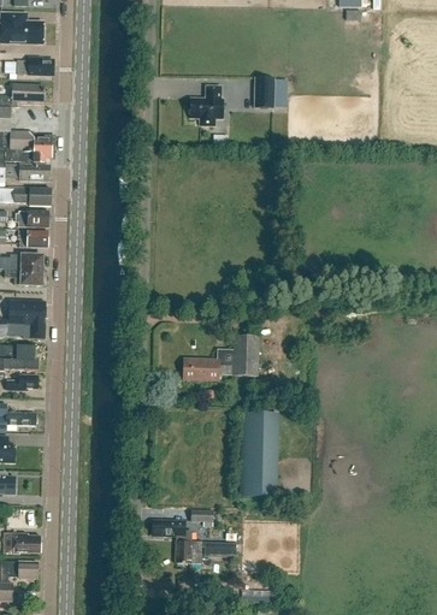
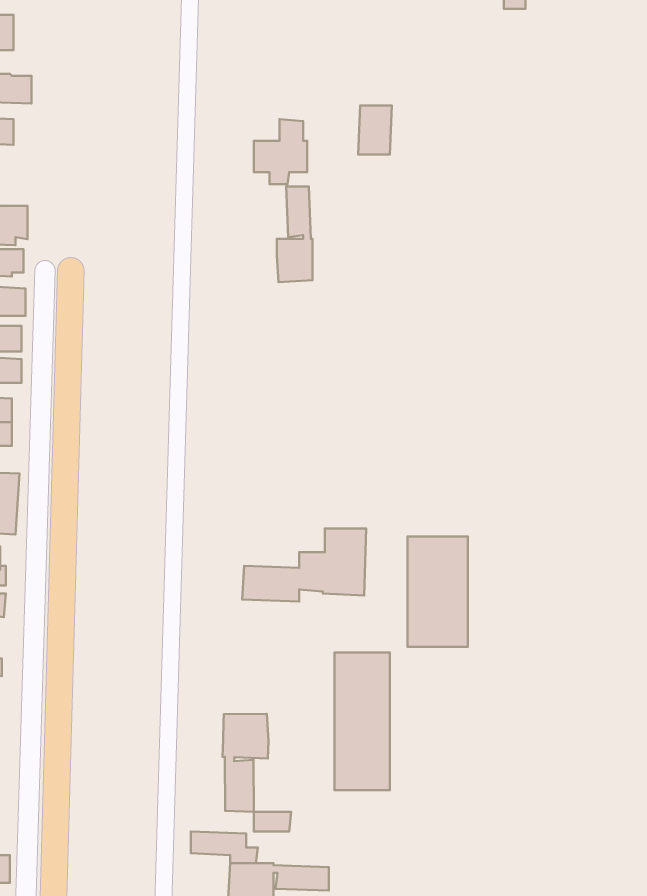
building: none -> [277,187,313,282]
building: none -> [407,537,468,647]
building: none -> [222,714,268,812]

